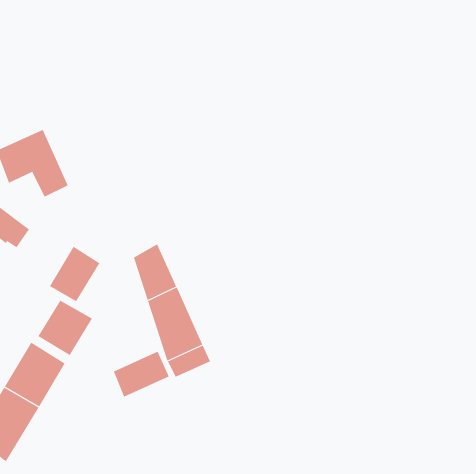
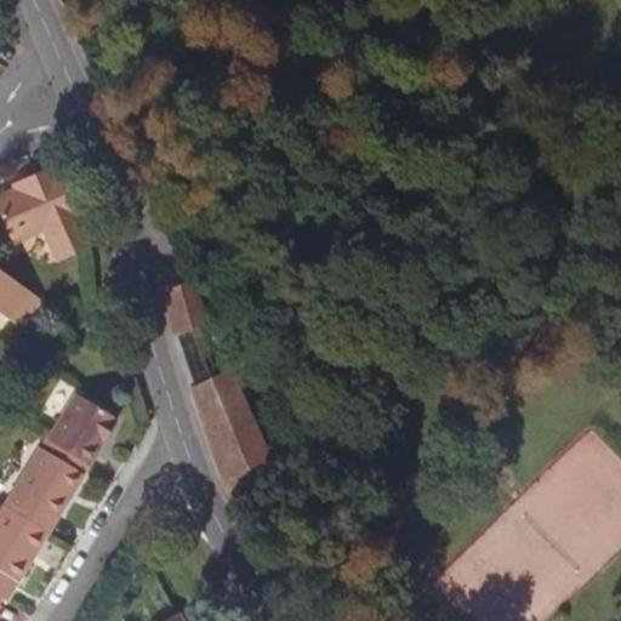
building: none -> [165,275,204,334]
building: [49,246,100,302] -> none
building: [113,351,170,398] -> none

